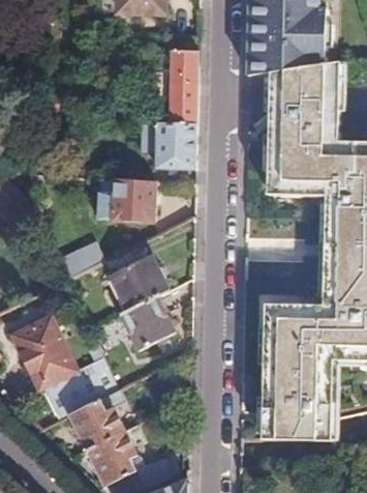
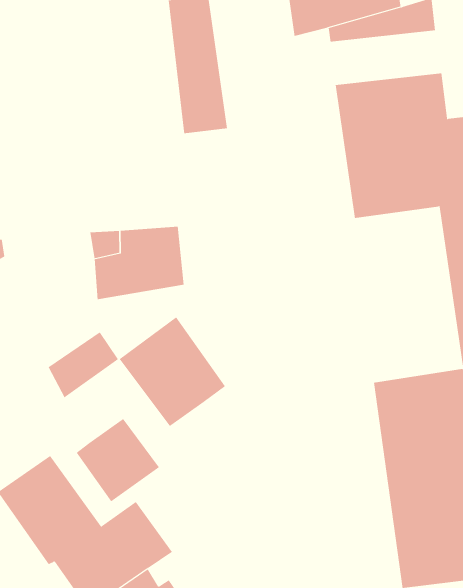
building: [270,79,340,110] -> none
building: [155,123,196,170] -> none
building: [120,298,173,351] -> [76,418,160,502]

